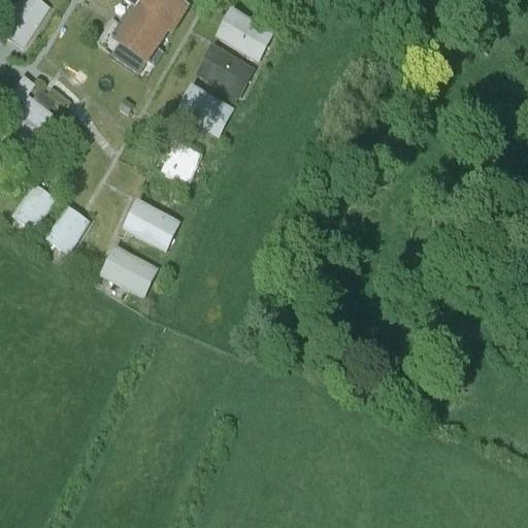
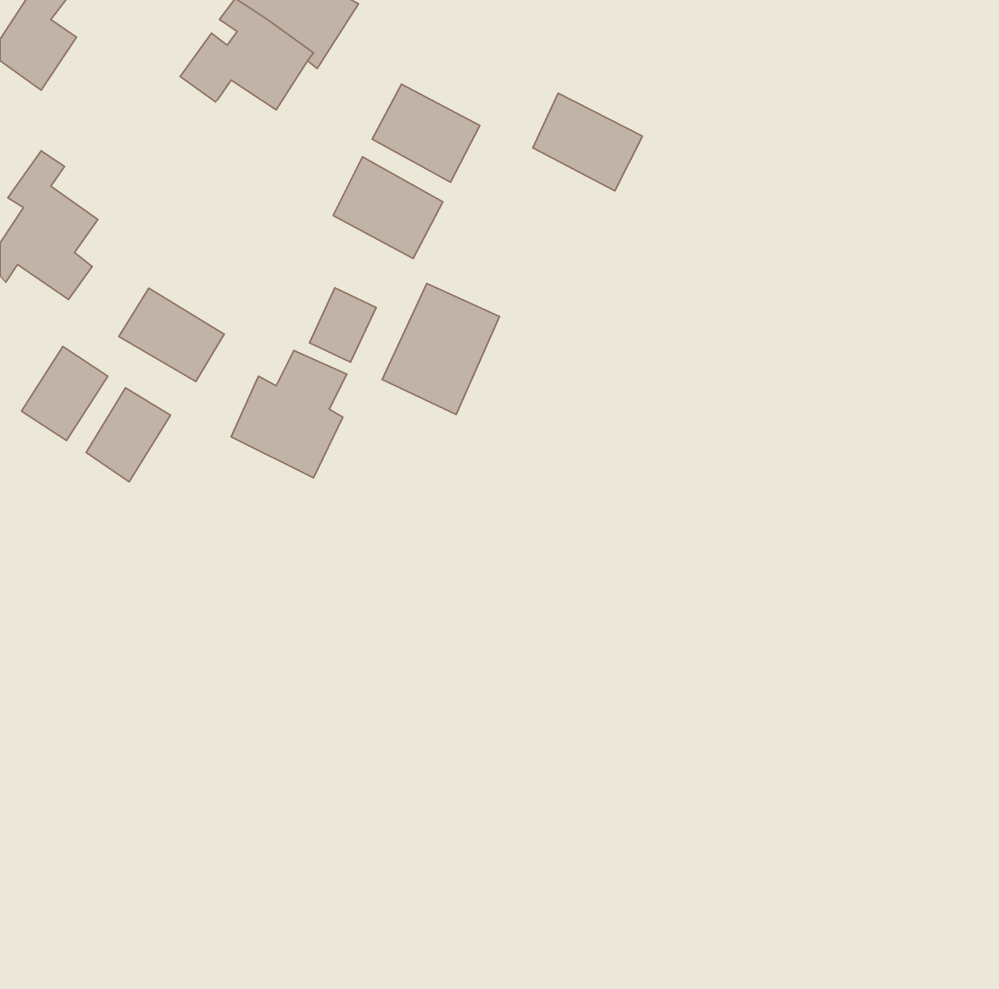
building: [216,10,273,62] -> [533,93,642,191]
building: none -> [382,283,499,414]
building: none -> [119,288,224,382]
building: [100,244,159,298] -> none

